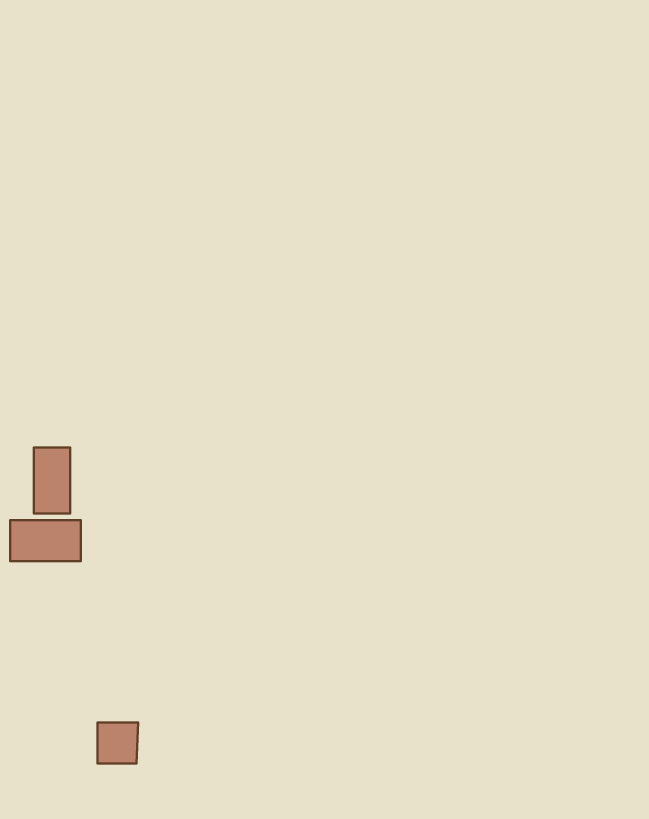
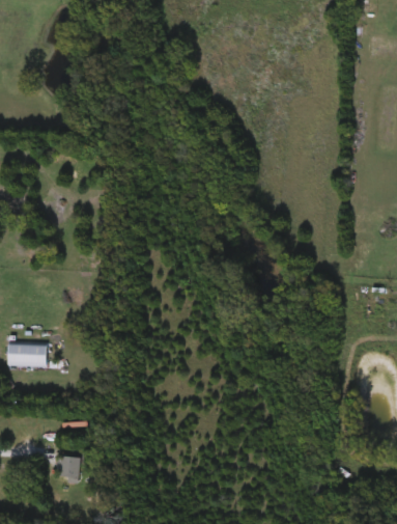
building: [34,447,70,513] -> none

